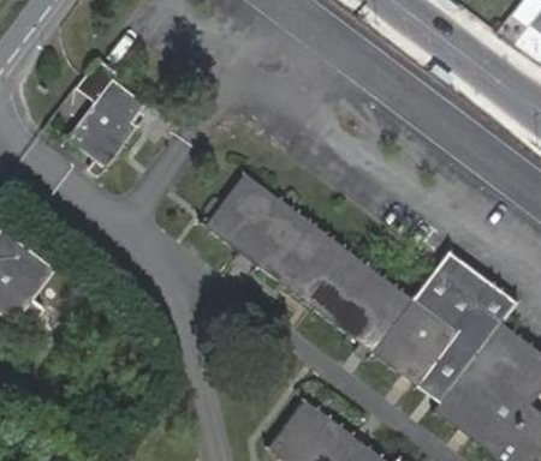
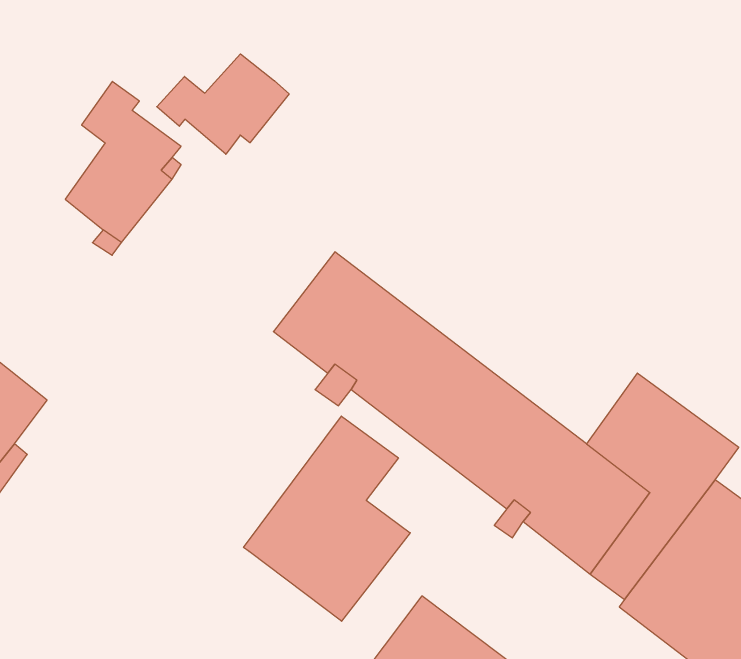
building: none -> [157,54,289,154]
building: none -> [244,416,410,621]

